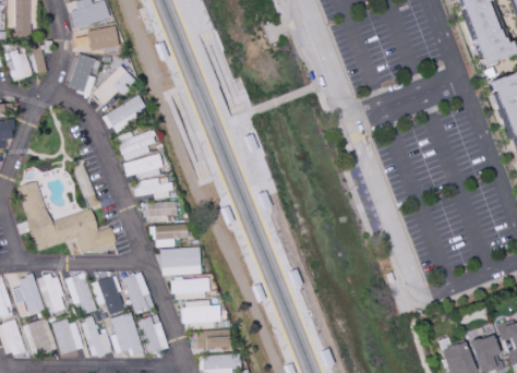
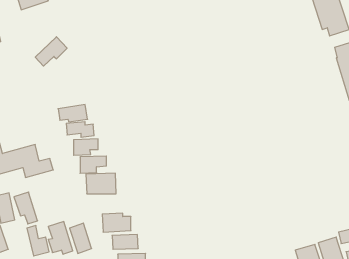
building: [86,25,119,52] -> none
building: [68,53,95,96] -> none
building: [103,95,147,131] -> none
building: [116,131,155,161] -> none
building: [124,273,152,313] -> none
building: [91,275,127,315] -> none
building: [171,278,208,300] -> none
building: [53,320,82,353] -> none

